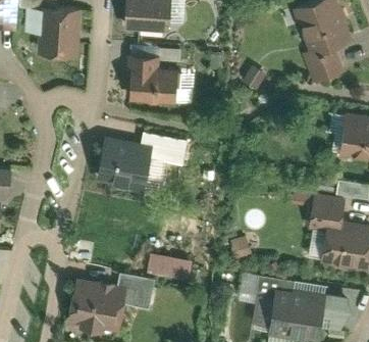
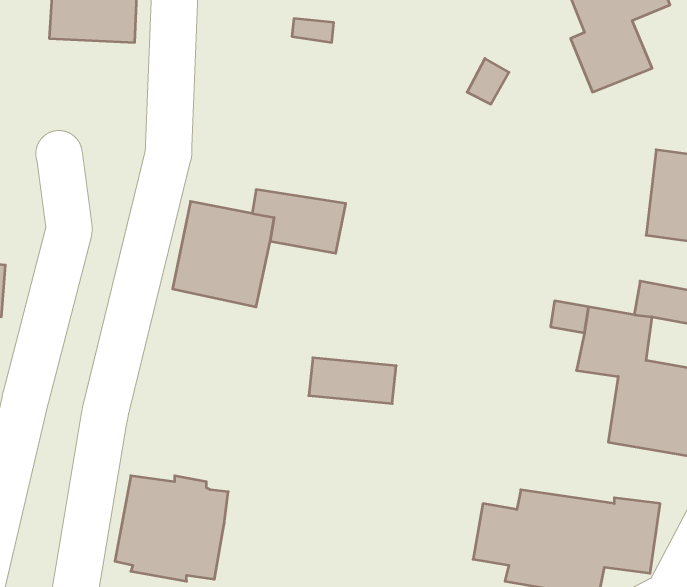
building: [123,55,175,105] -> none
building: [147,252,192,276] -> [309,358,396,404]
building: [116,275,156,310] -> none

